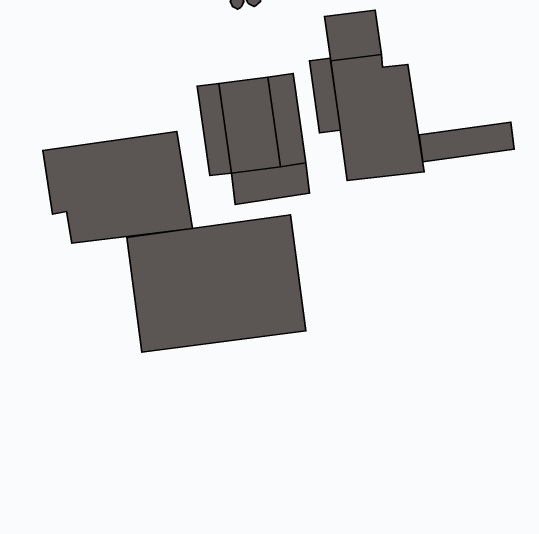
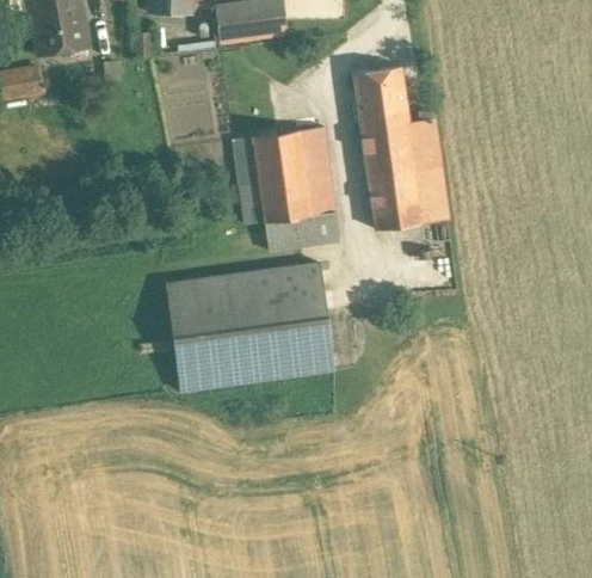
building: [309,58,340,133] -> none
building: [419,122,514,162] -> none
building: [43,132,192,243] -> none

